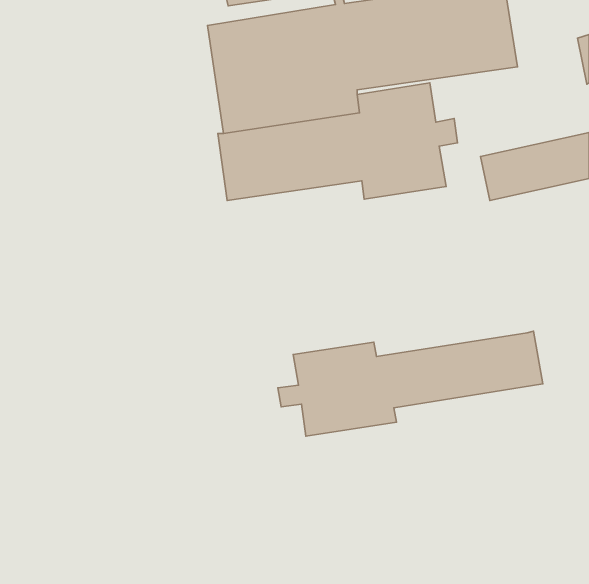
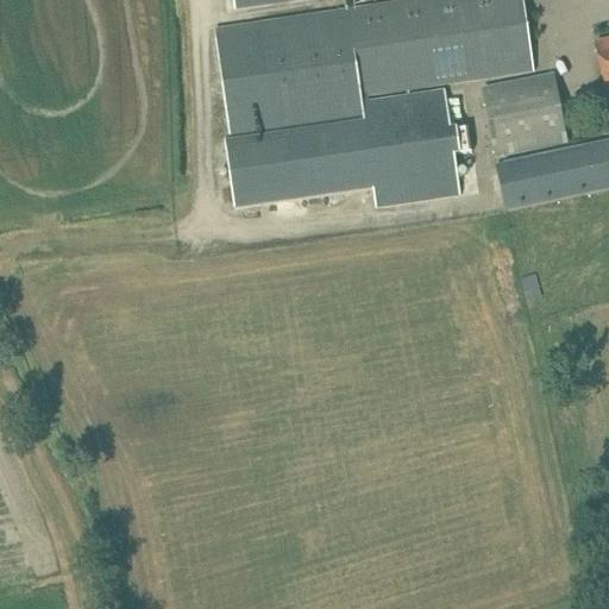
building: none -> [482,71,566,156]
building: [278,331,543,436] -> none

